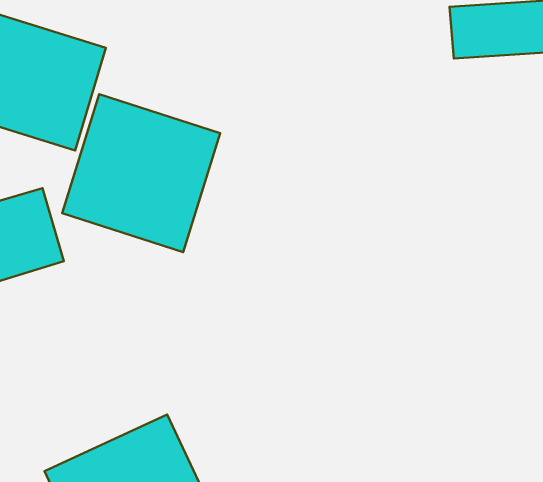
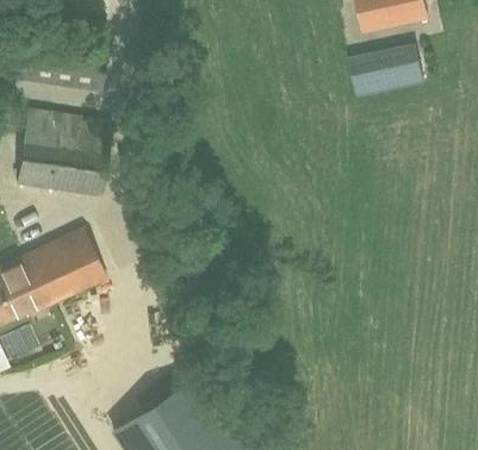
building: [62,94,220,252] -> none

